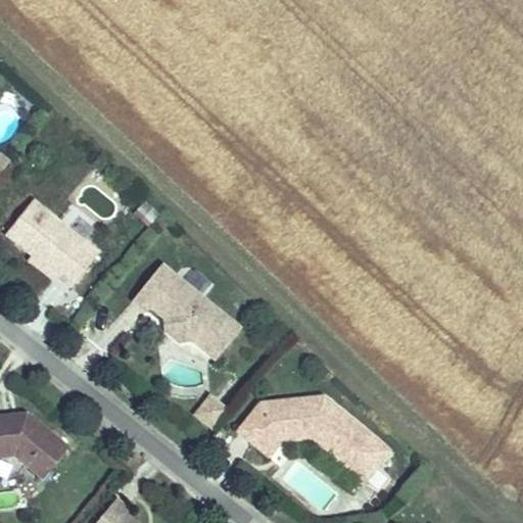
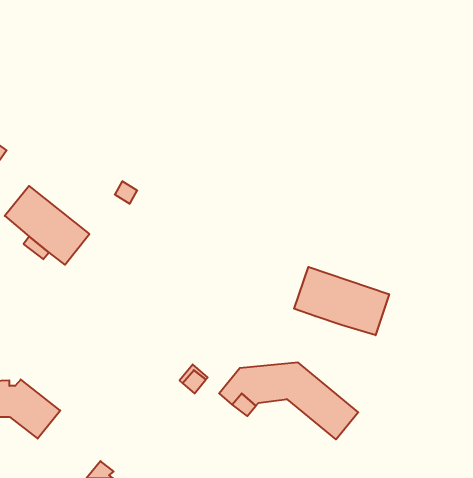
building: [135,264,242,358] -> none
building: none -> [294,267,389,335]

